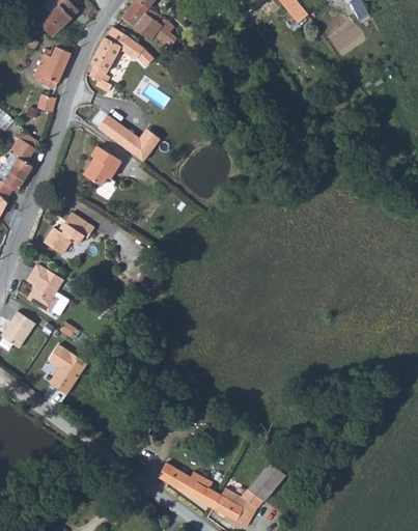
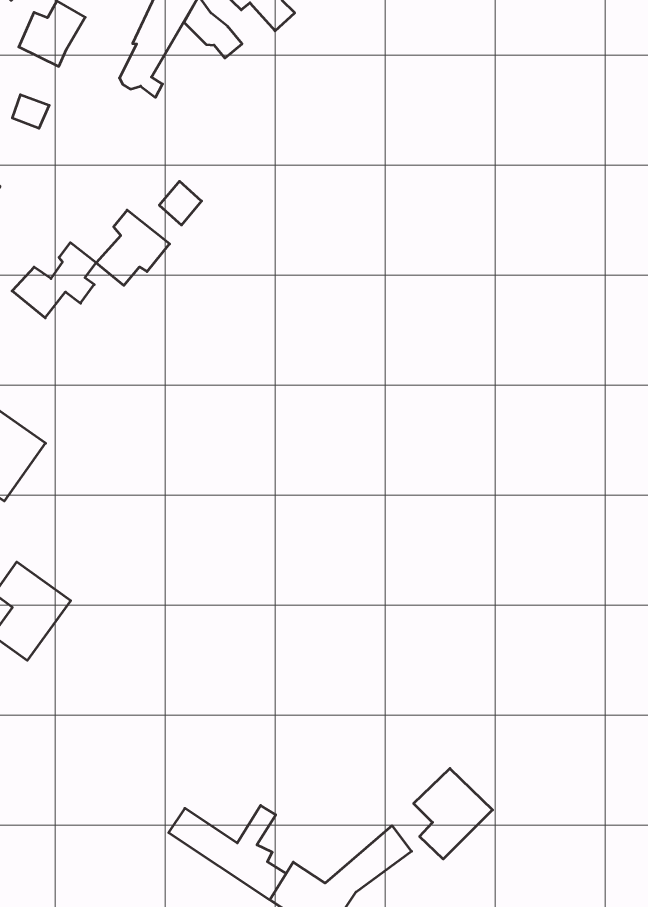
building: [95,119,126,147] -> none
building: [129,136,159,166] -> none
building: [48,216,90,256] -> [12,243,96,318]
building: none -> [414,768,493,859]

